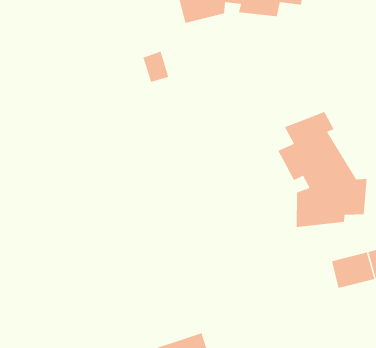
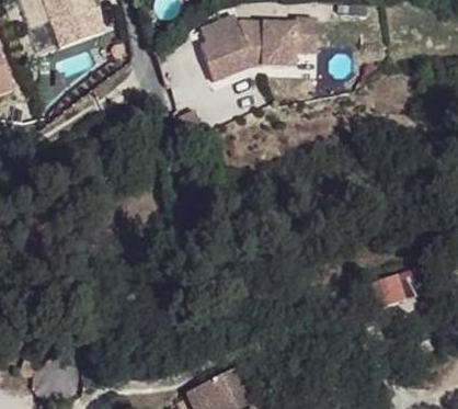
building: [277,111,367,228] -> none

